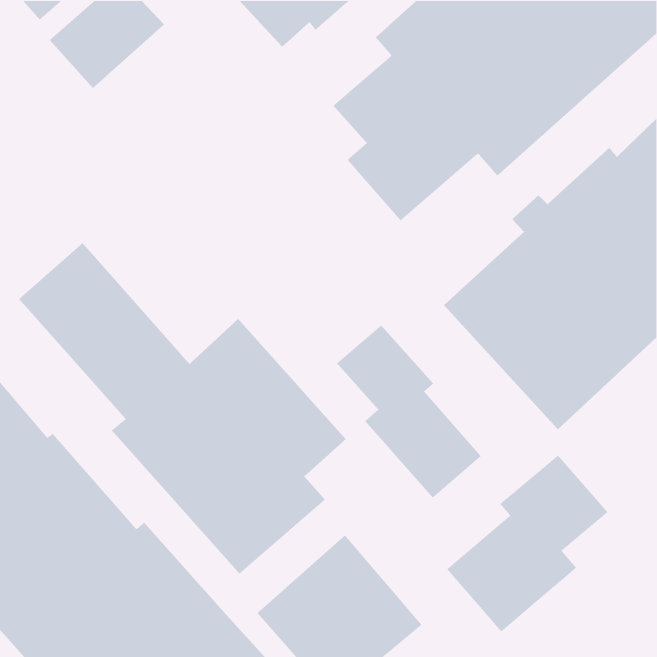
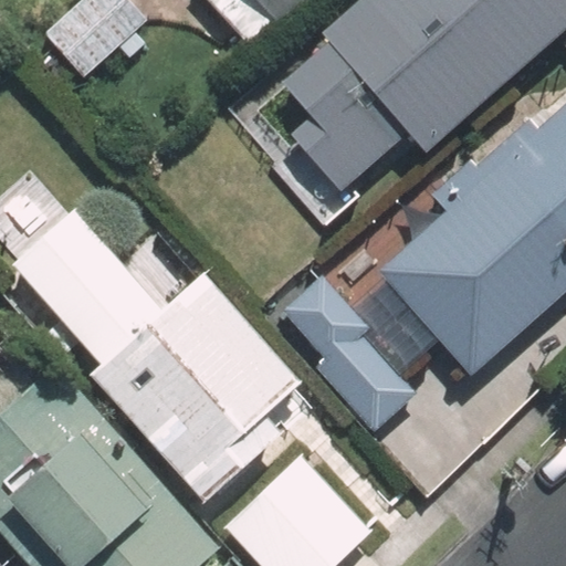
building: [446,455,609,632] -> none

